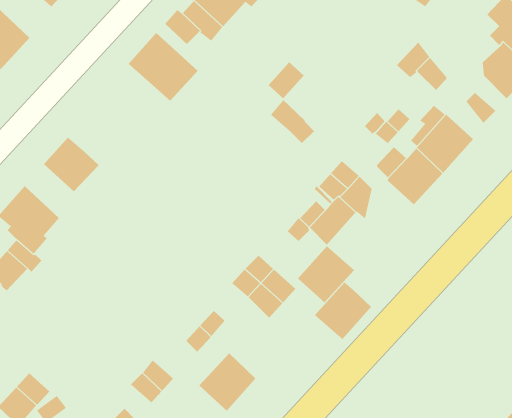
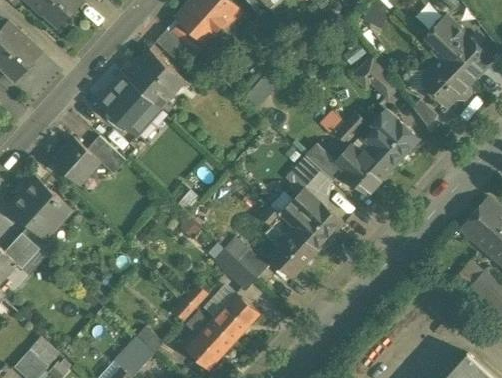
building: none -> [101,75,161,134]
building: [270,99,315,144] -> [306,143,344,181]
building: none -> [88,135,126,173]
building: [314,282,372,340] -> [294,201,343,250]
building: none -> [211,292,260,342]

